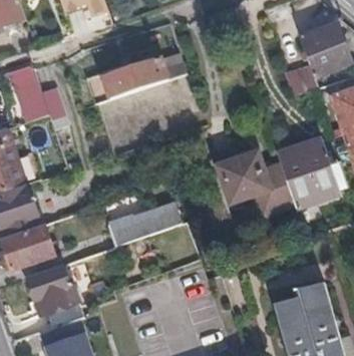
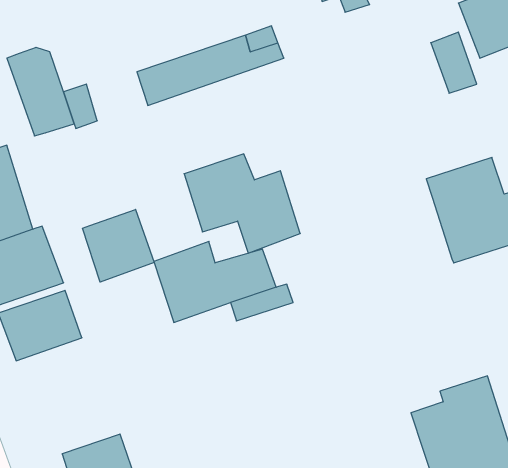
building: [222,152,298,218] -> [184,154,300,253]
building: none -> [82,209,154,282]
building: [29,270,75,315] -> none

